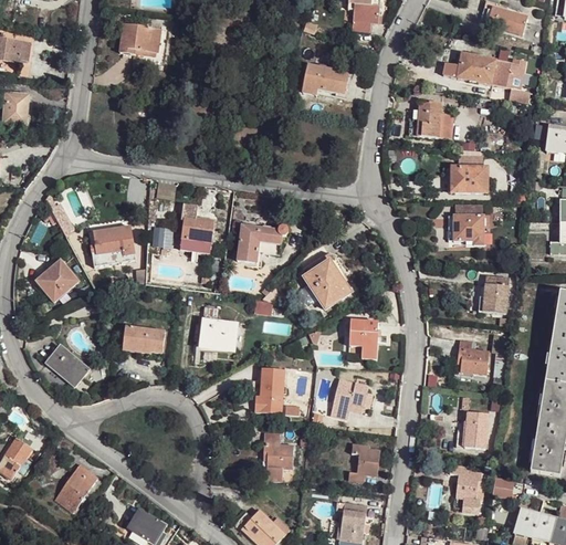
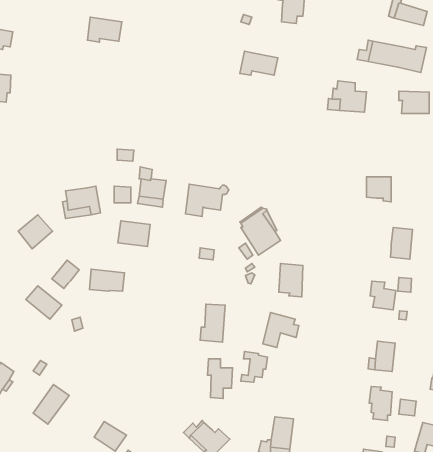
building: [450,165,486,191] -> [399,91,429,113]
building: none -> [52,260,79,289]
building: [199,317,238,348] -> [118,221,150,247]
building: [347,443,379,480] -> [241,352,268,382]

